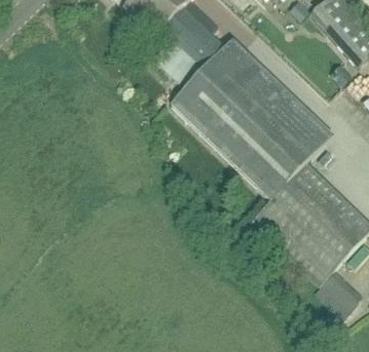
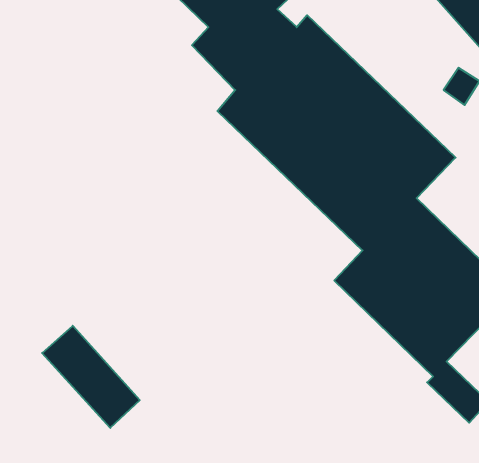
building: none -> [42,326,140,428]

